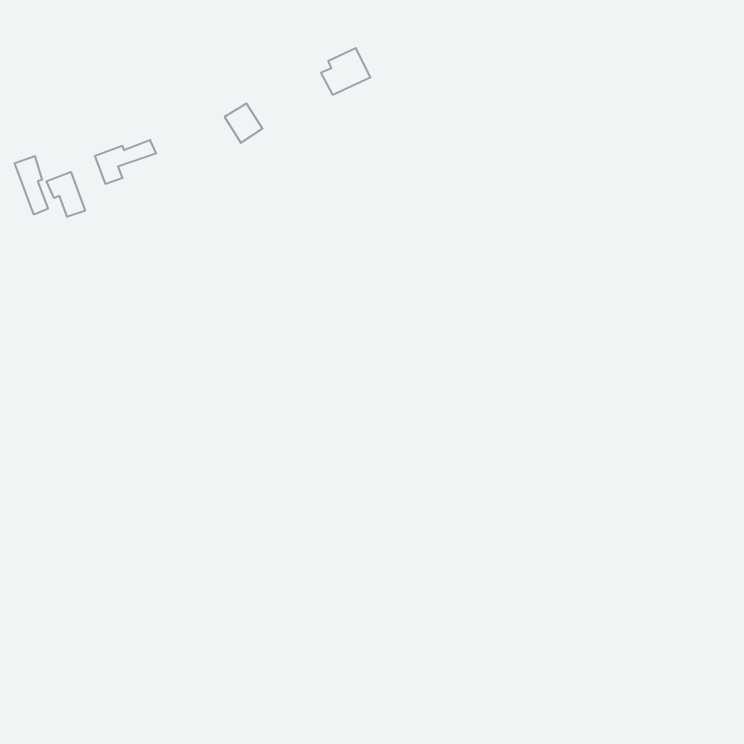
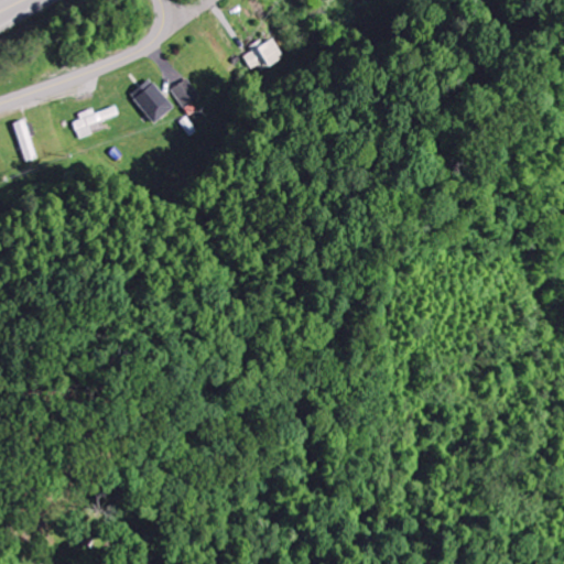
building: none -> [129,78,172,123]
building: [46,172,85,217] -> none

